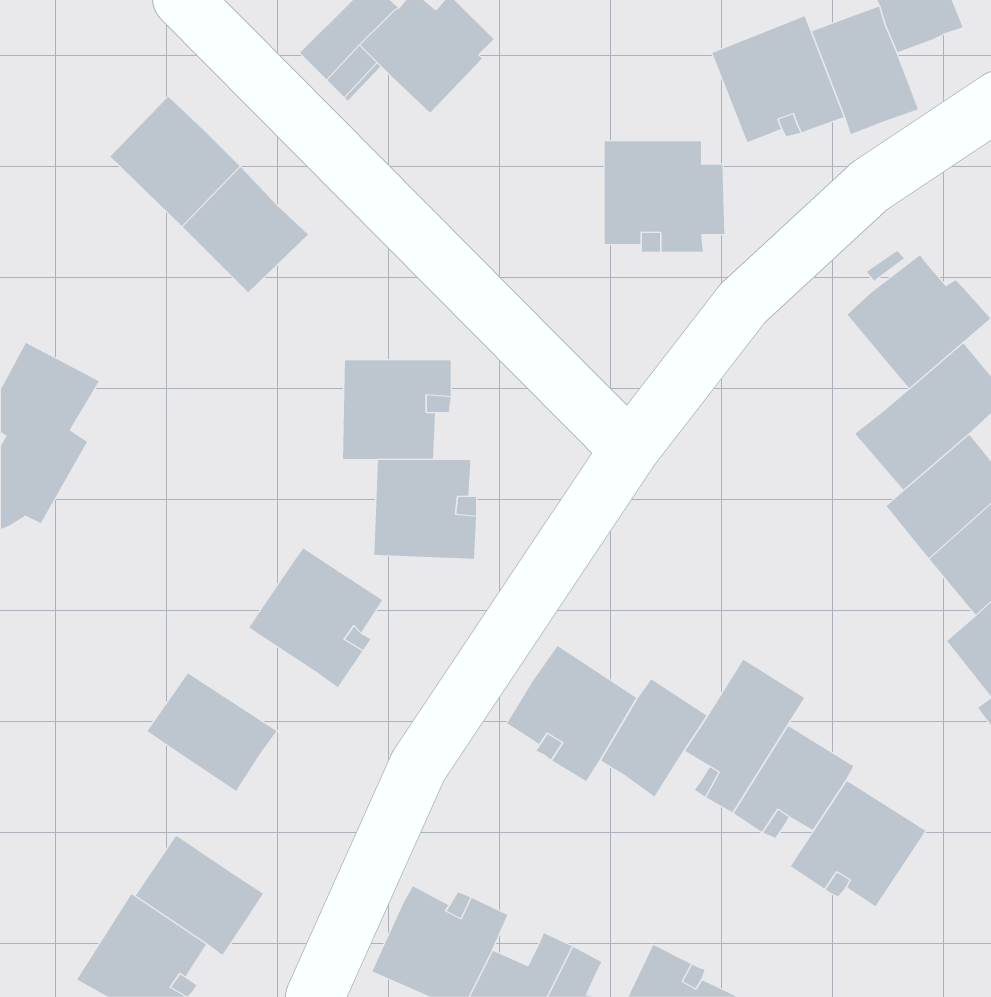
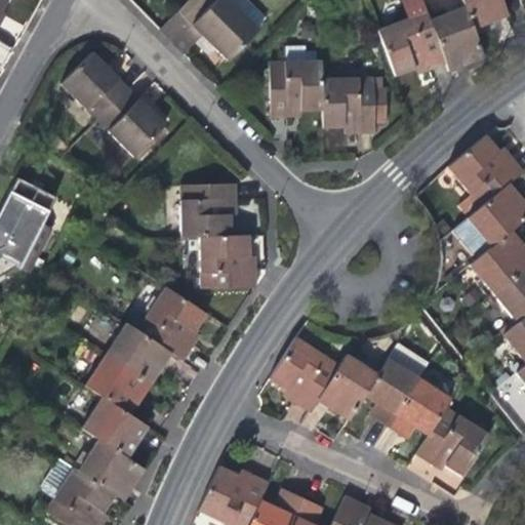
building: none -> [269,56,321,121]
building: none -> [103,322,170,383]
building: none -> [78,395,146,457]

